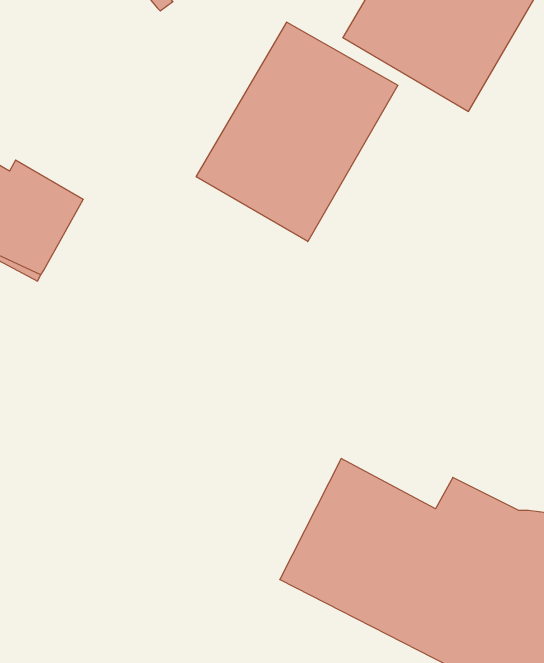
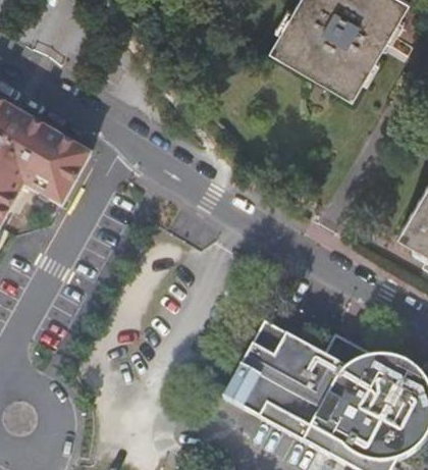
building: [196,22,398,242] -> none

